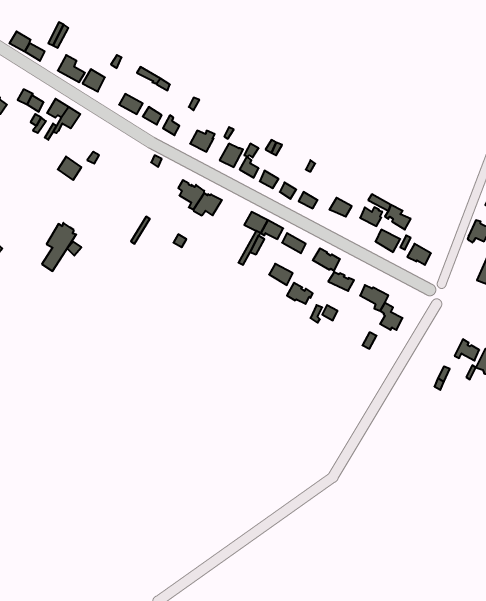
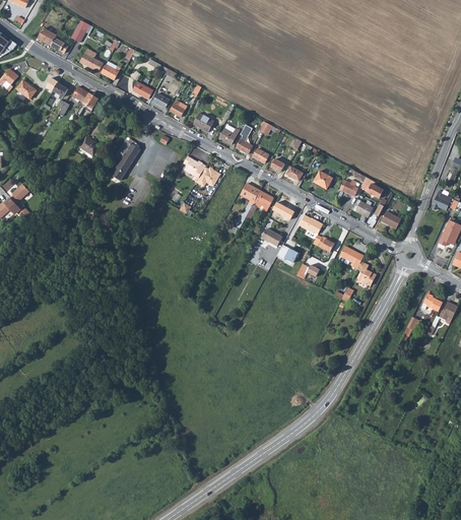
building: [42,223,76,271] -> [111,138,140,180]

